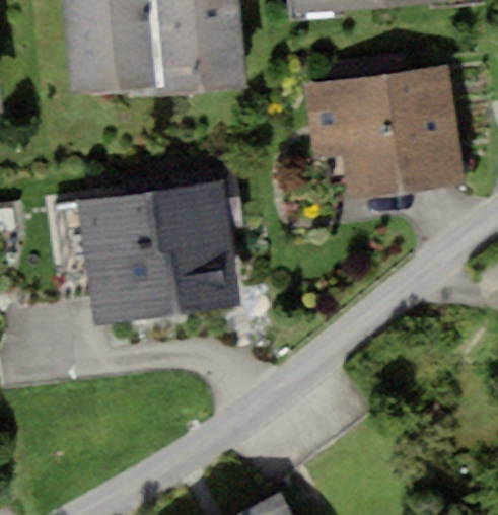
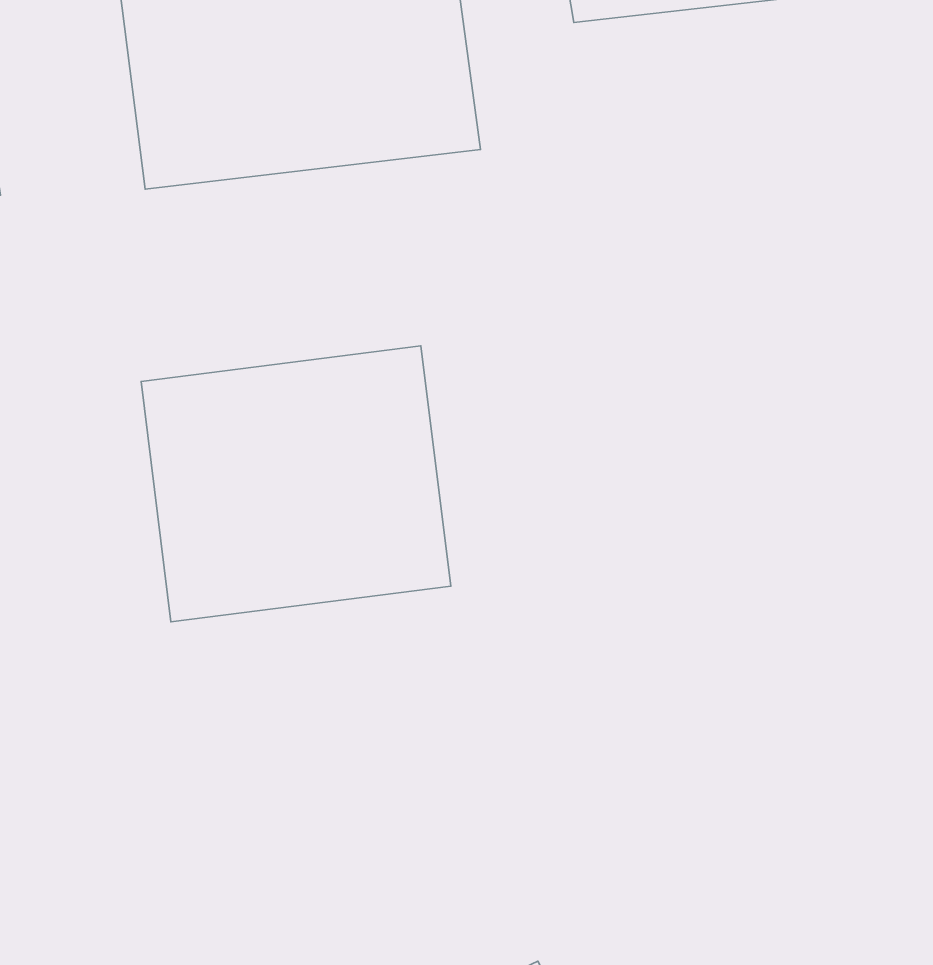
building: [300,67,464,196] -> none

